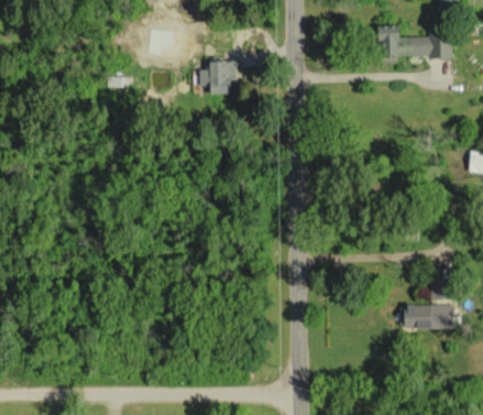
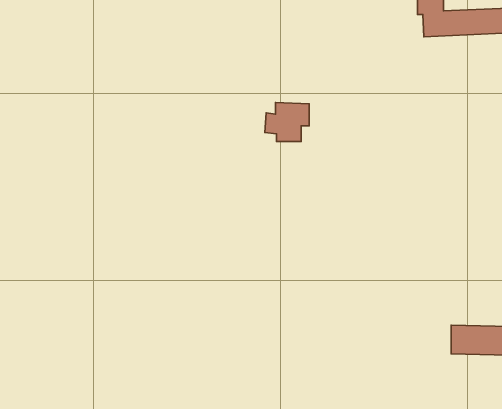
building: [199,61,237,94] -> [265,103,309,142]

